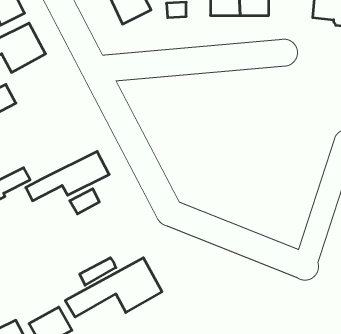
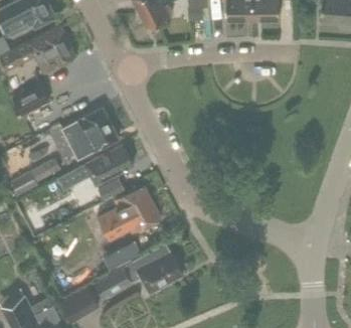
building: none -> [61,107,119,159]
building: none -> [100,185,162,239]

